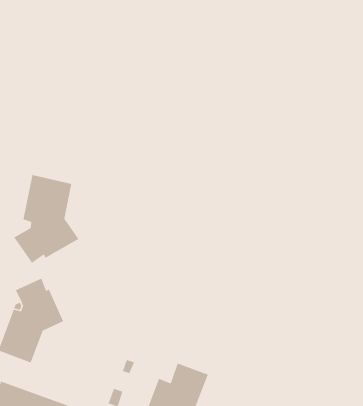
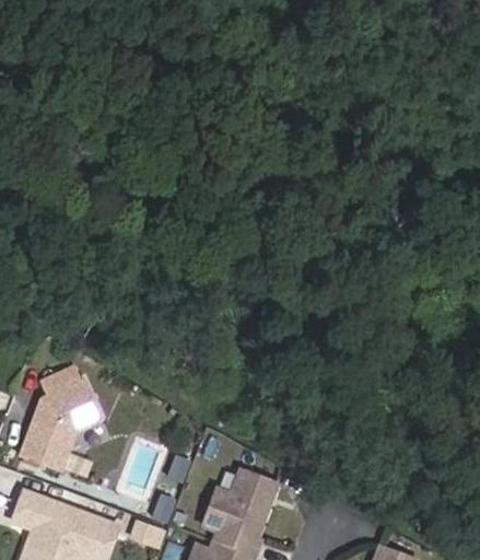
building: [13,174,79,264] -> none

